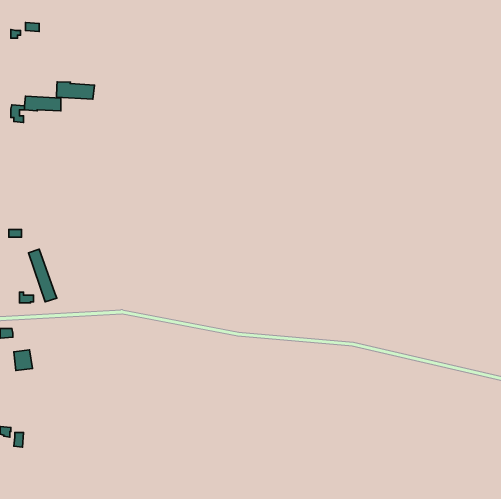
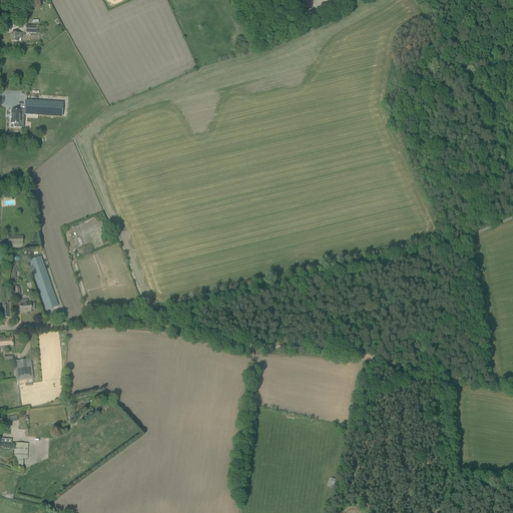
building: [57,82,94,99] -> none

